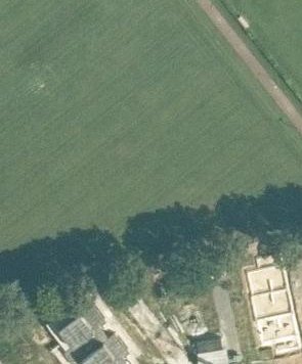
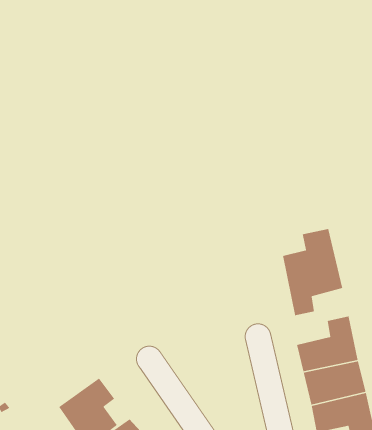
building: none -> [282,228,343,316]

